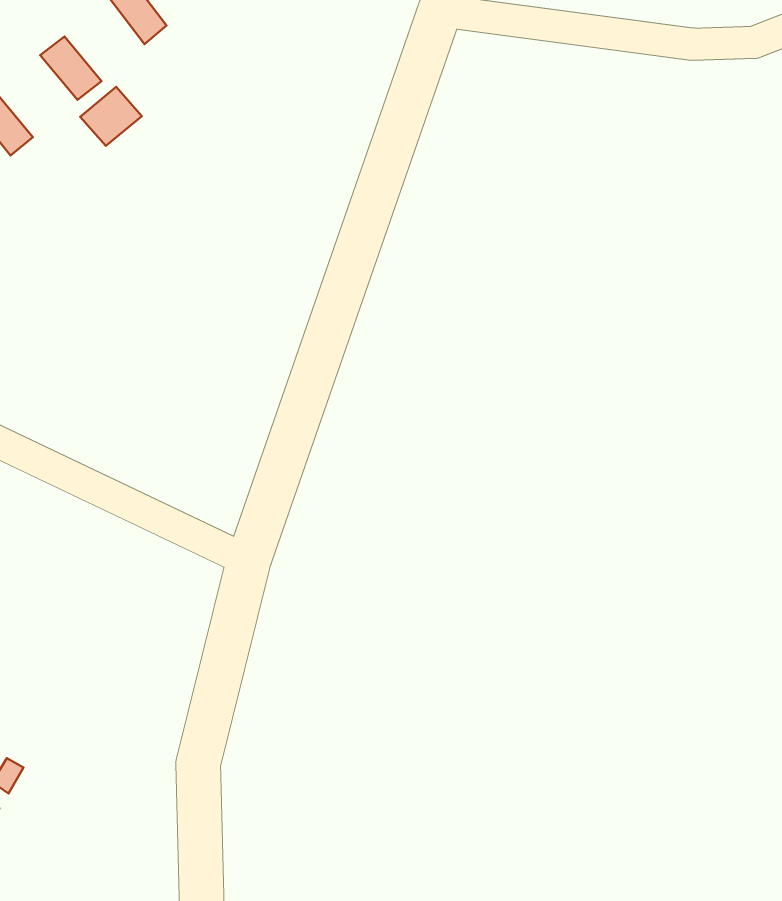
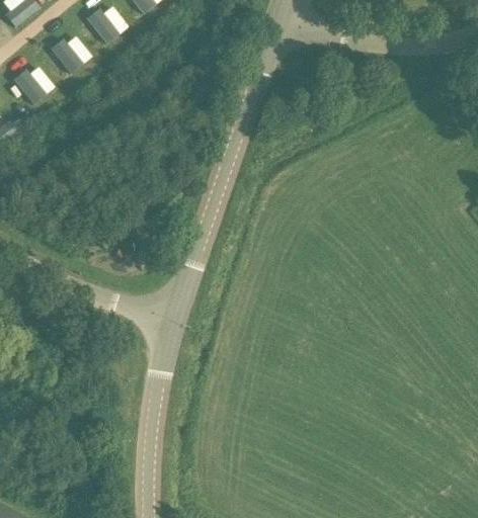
building: [80,87,142,146] -> none

